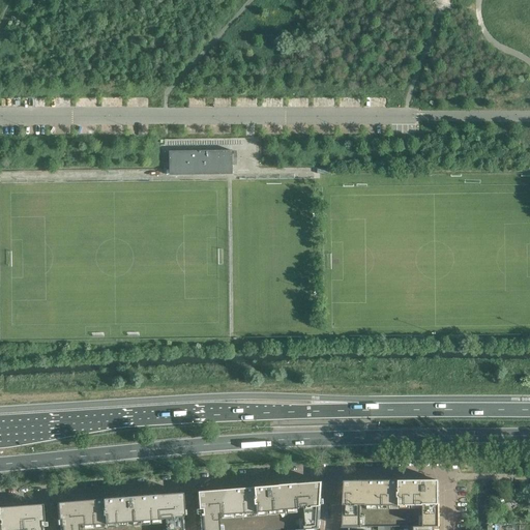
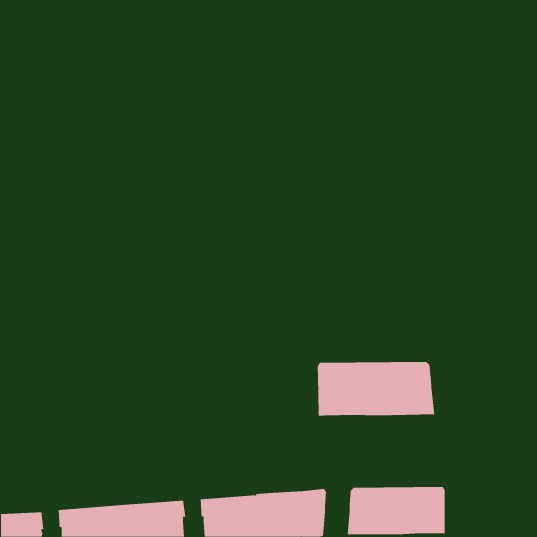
building: [169,151,232,176] -> none
building: none -> [317,361,435,416]

